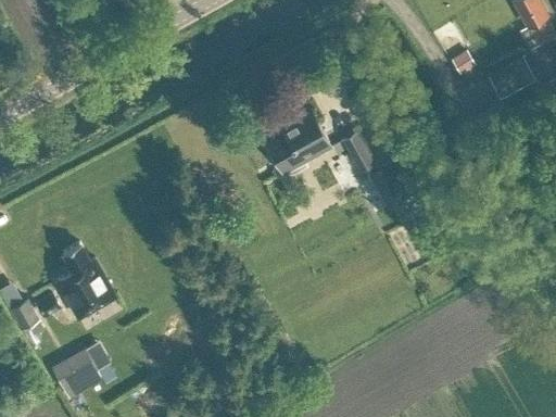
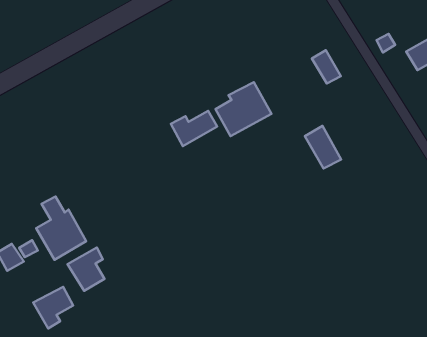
building: [343,130,377,169] -> [312,50,341,84]
building: none -> [171,111,217,146]
building: none -> [67,247,105,291]

